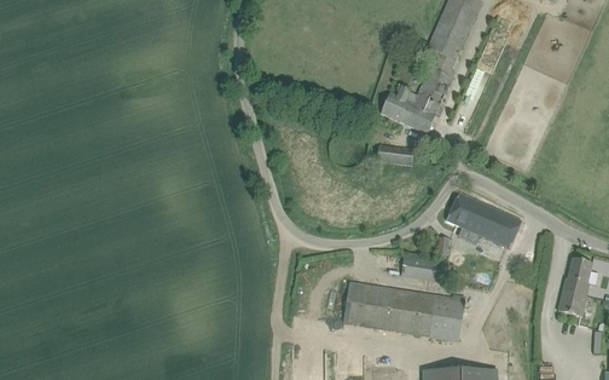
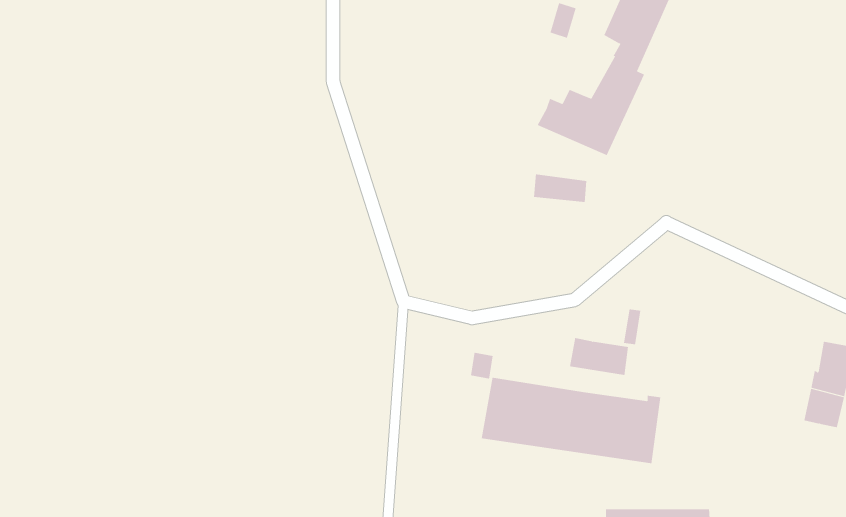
building: [447,192,521,248] -> none

